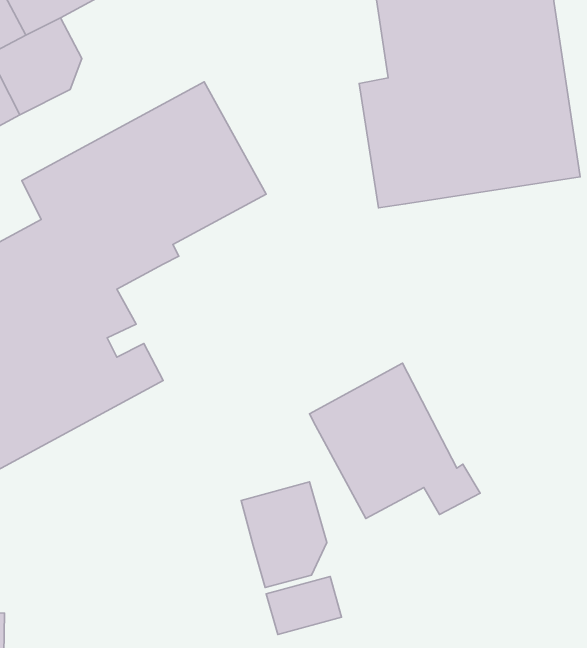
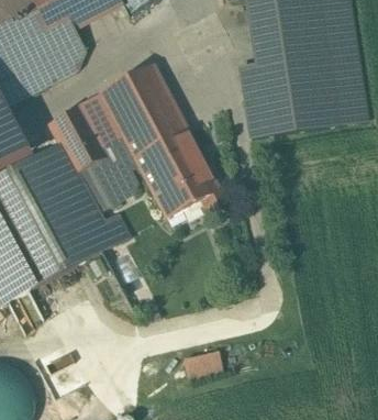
building: none -> [103,168,137,202]
building: [310,363,480,519] -> [135,129,232,217]
building: [241,482,327,588] -> none

